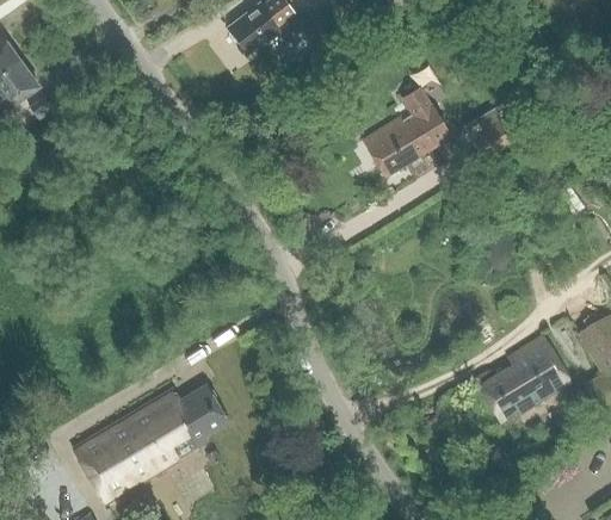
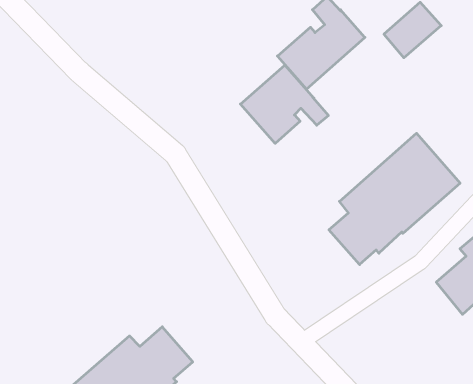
building: none -> [240,65,328,143]
building: none -> [329,133,460,265]

